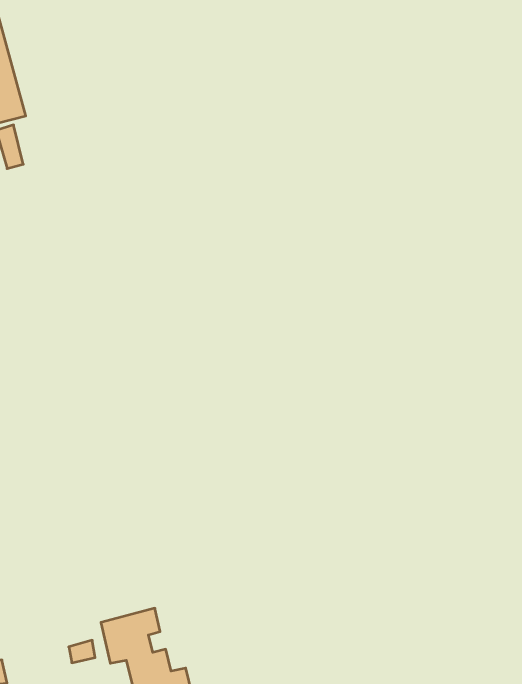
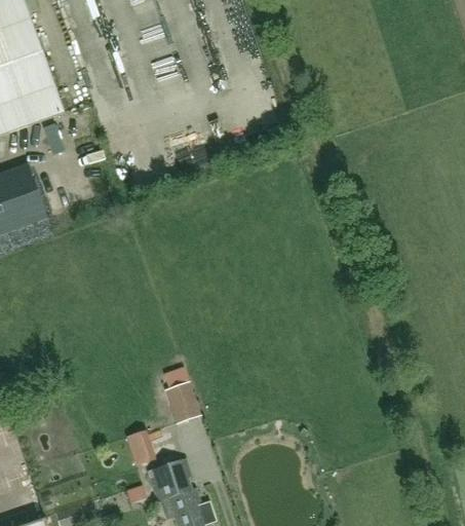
building: none -> [164,382,200,424]
building: none -> [126,431,155,466]

